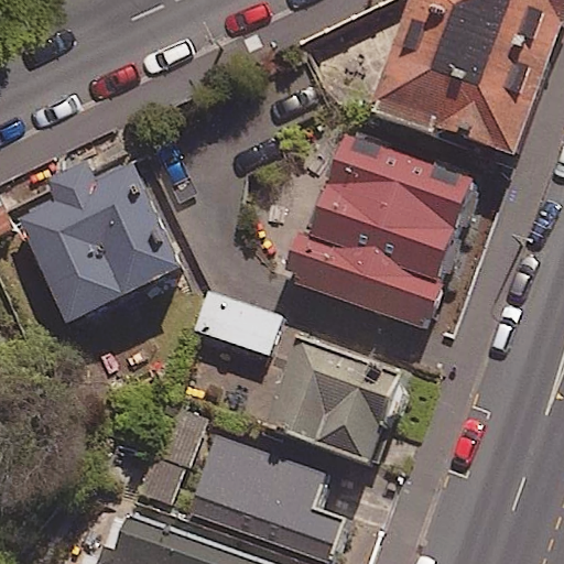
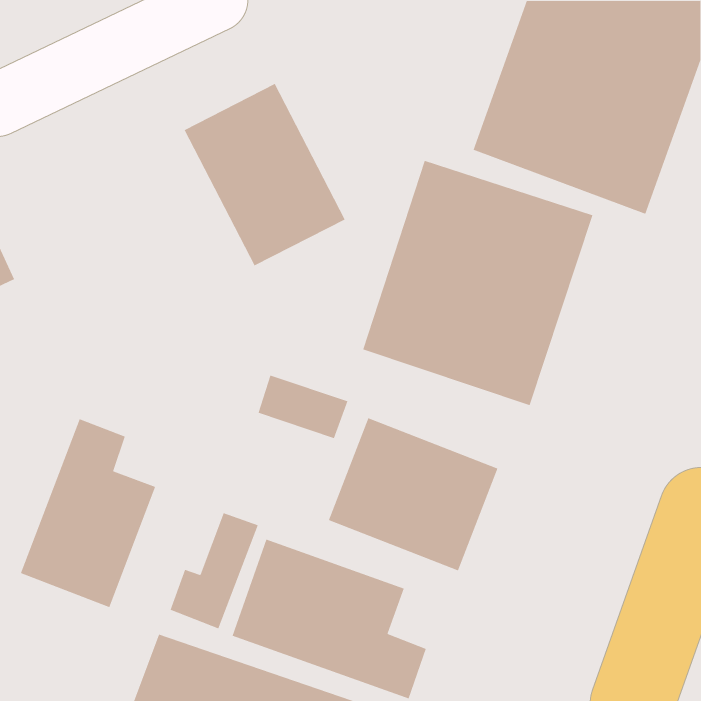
building: none -> [184,83,346,267]
building: [11,159,181,322] -> none
building: none -> [20,418,156,608]

